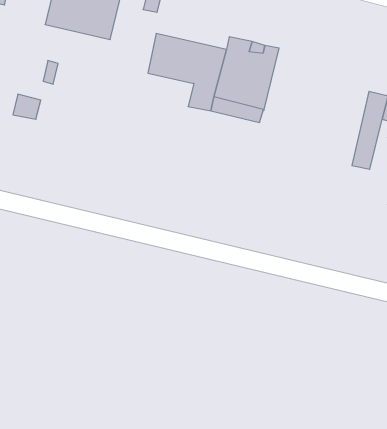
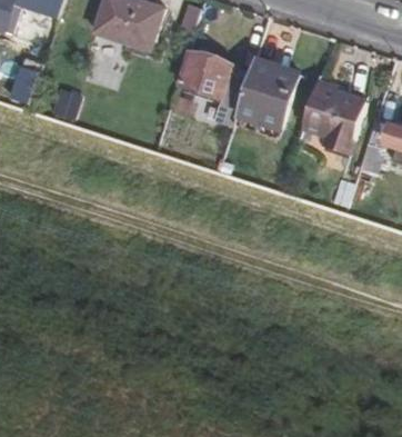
building: none -> [301,82,364,152]

